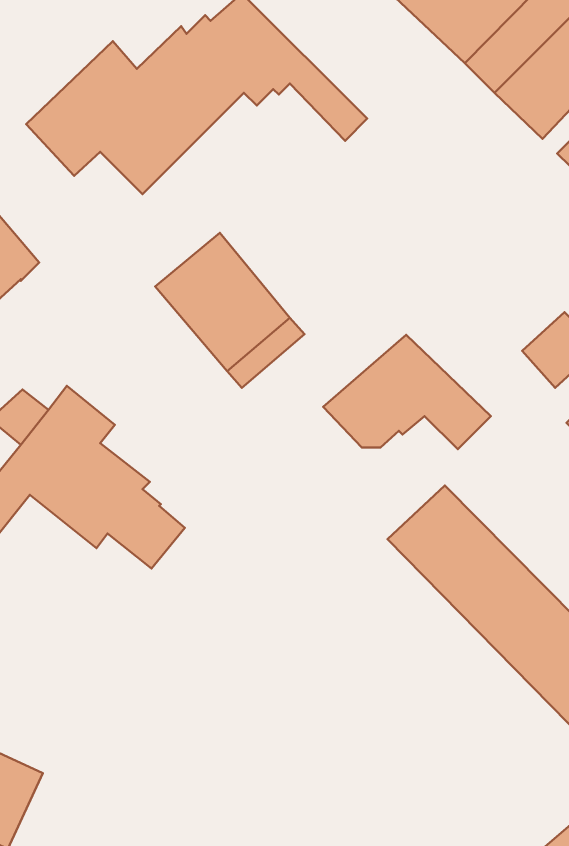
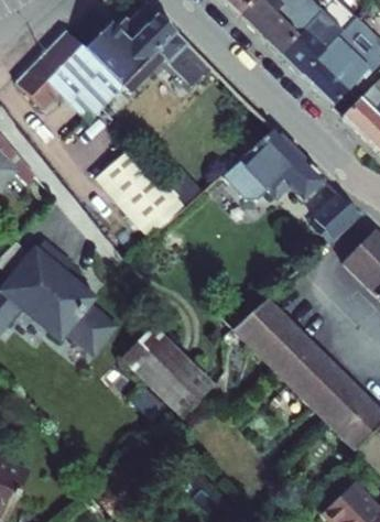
building: [323,335,491,449] -> [224,131,324,199]
building: none -> [119,323,208,416]

